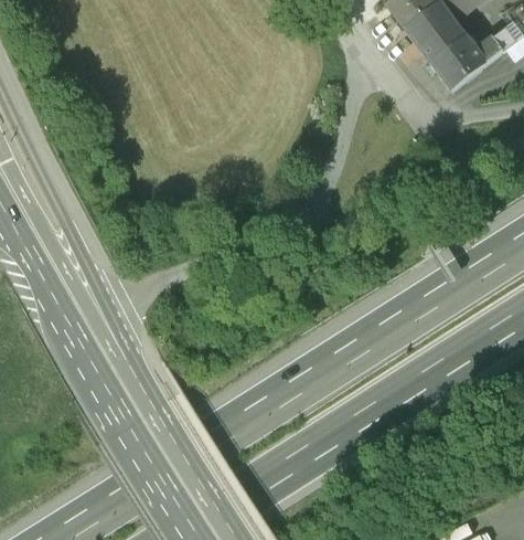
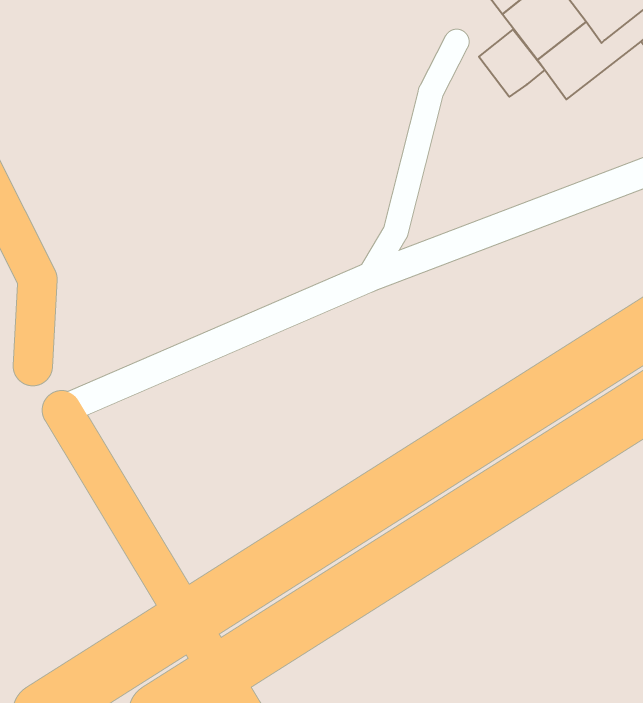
building: none -> [479,29,545,97]

